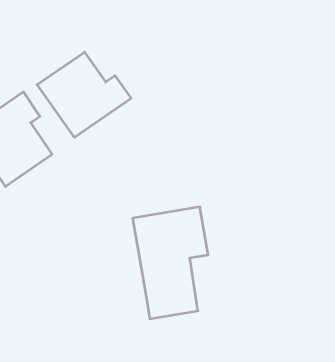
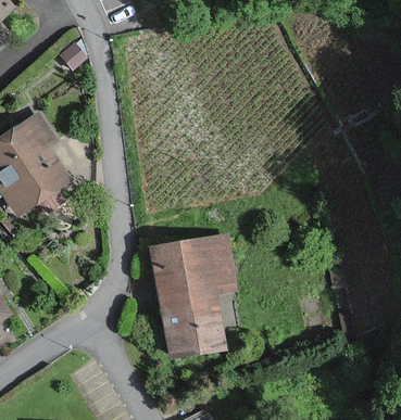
building: [37,52,131,137] -> none

